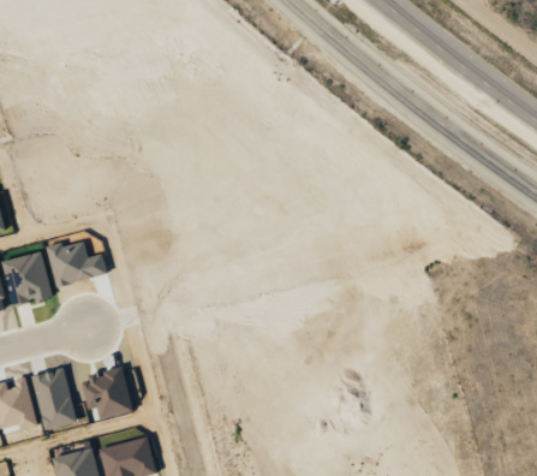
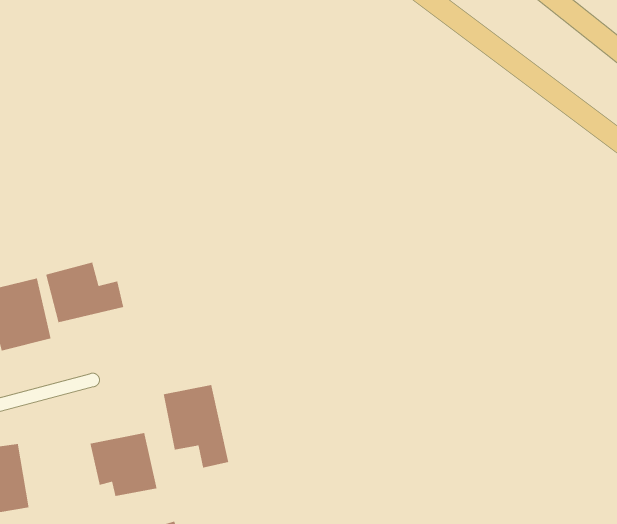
building: none -> [163,384,229,469]
building: [30,367,77,429] -> none

